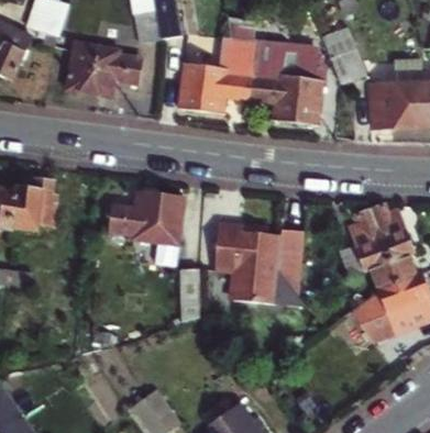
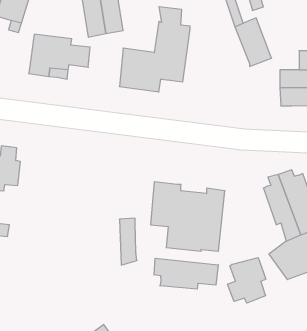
building: [254,36,322,124] -> none
building: [111,191,185,245] -> none
building: none -> [228,258,266,303]
building: none -> [154,258,218,289]

